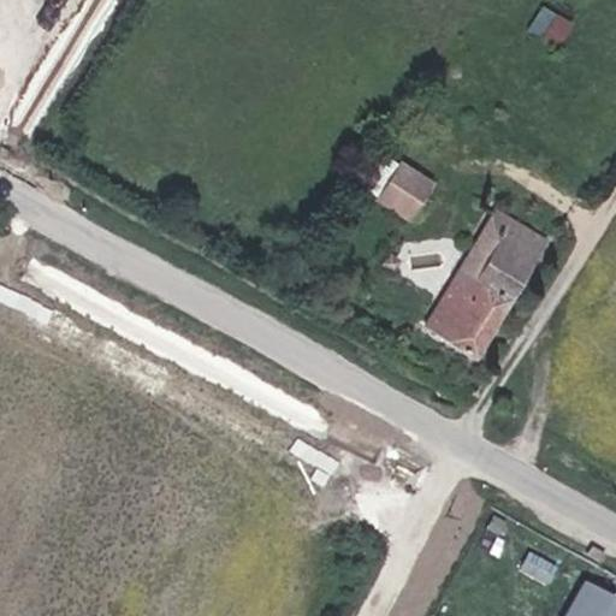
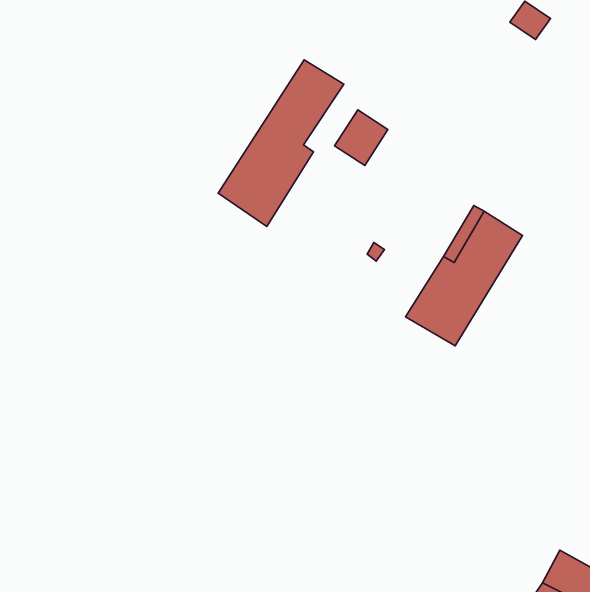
building: none -> [218,60,344,227]
building: [379,161,434,219] -> [335,110,388,166]

